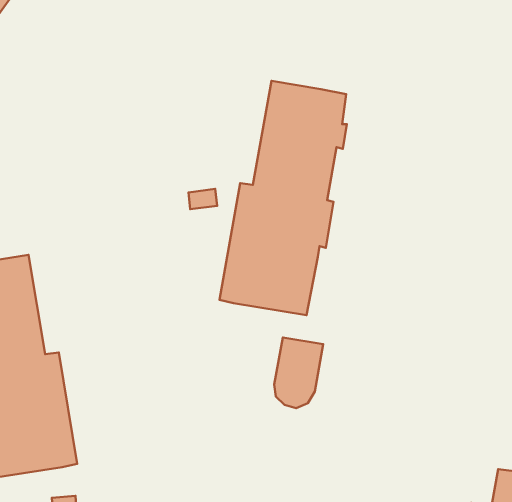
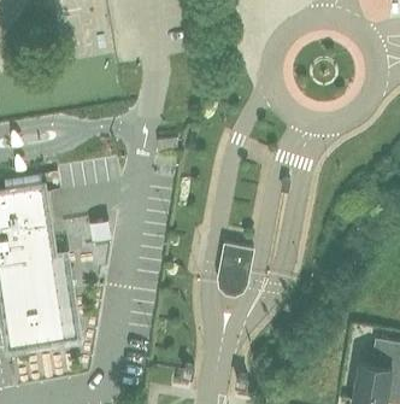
building: [219,81,347,315] -> none

